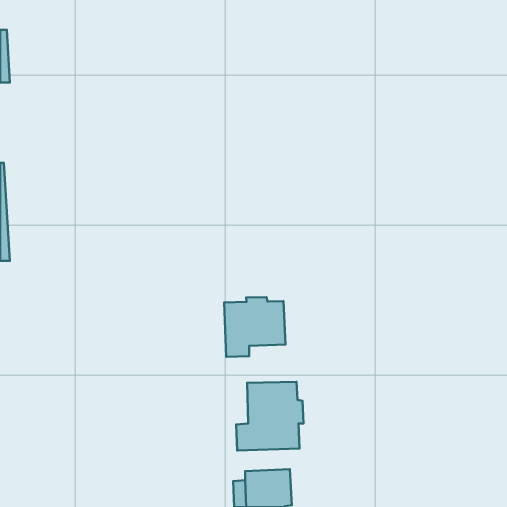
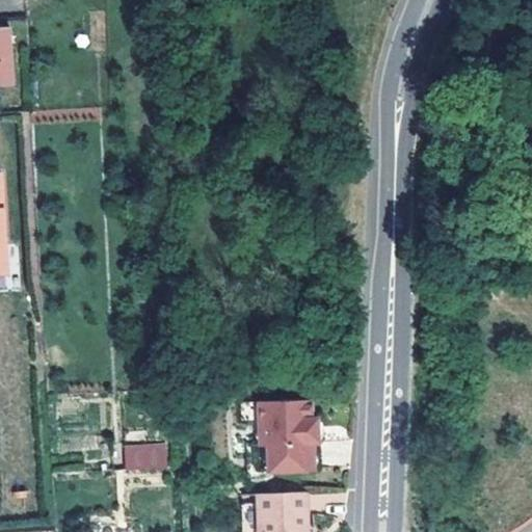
building: [224,297,286,357] -> none
building: none -> [123,443,167,471]

